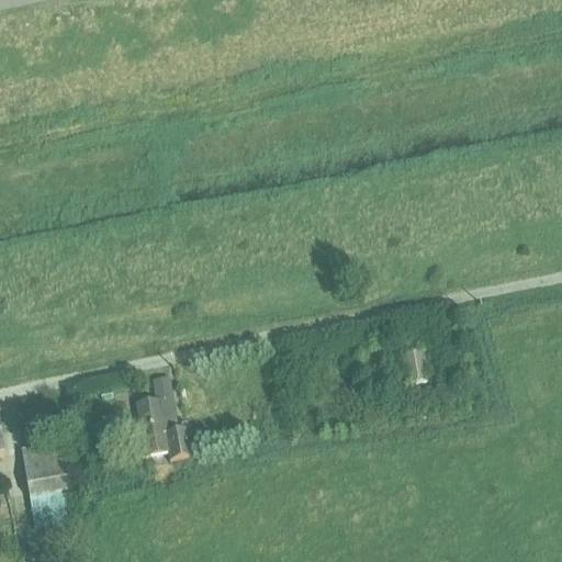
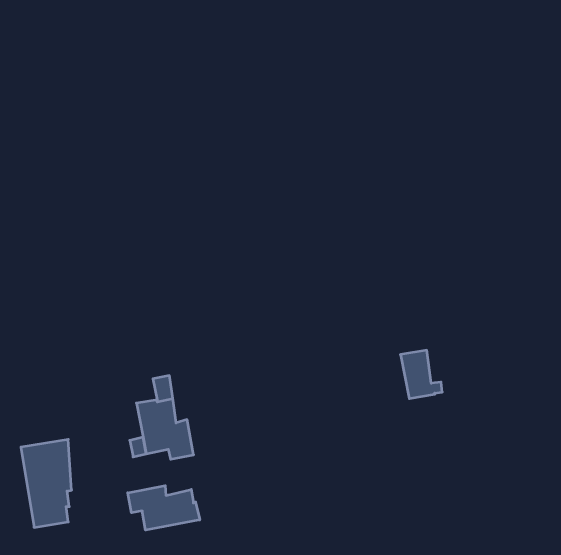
building: none -> [128,486,200,530]

